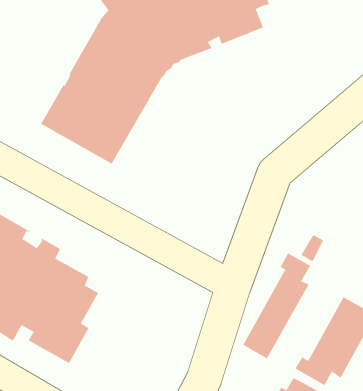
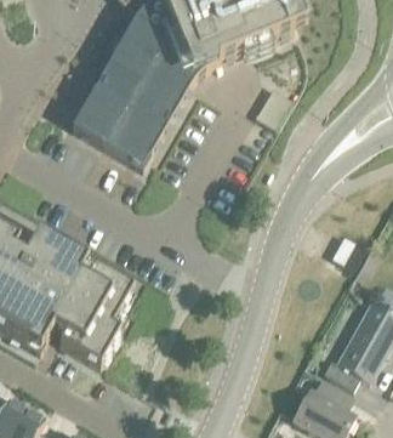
building: [242,253,311,359] -> none

